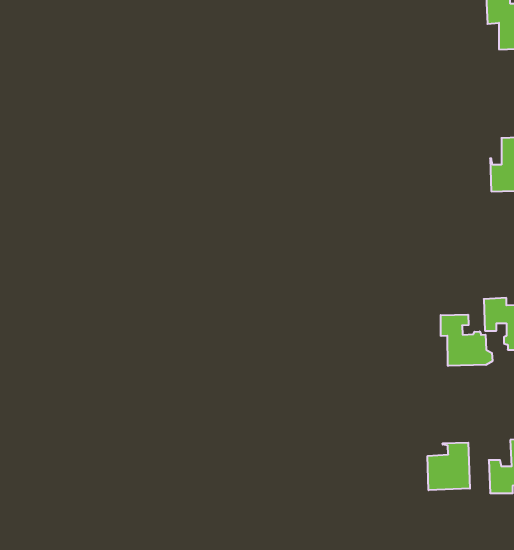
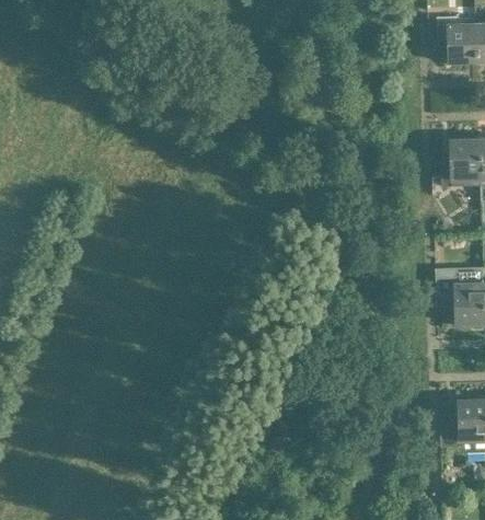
building: [441,315,492,366] -> none
building: [428,443,470,490] -> none

